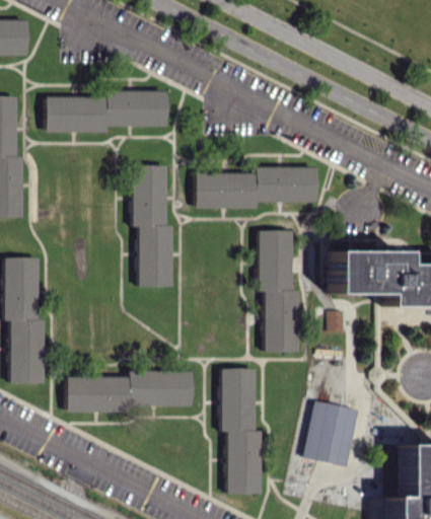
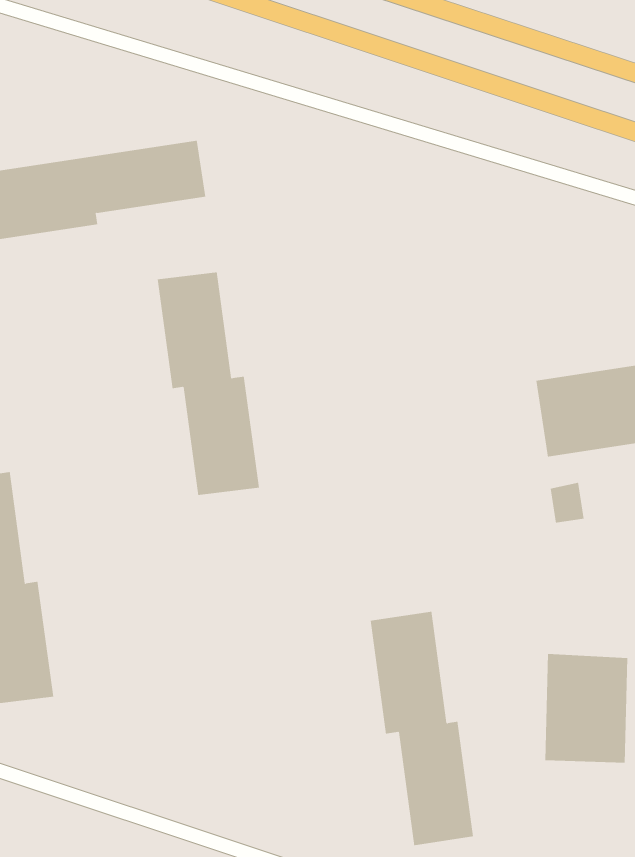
building: [196,167,316,208] -> none
building: [258,230,298,352] -> none
building: [67,371,193,412] -> none

